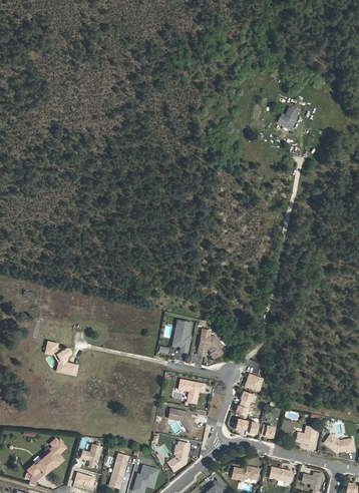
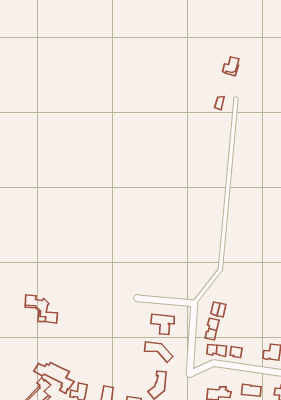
building: [173,319,191,351] -> none
building: [198,329,223,358] -> none
building: none -> [34,363,74,394]

